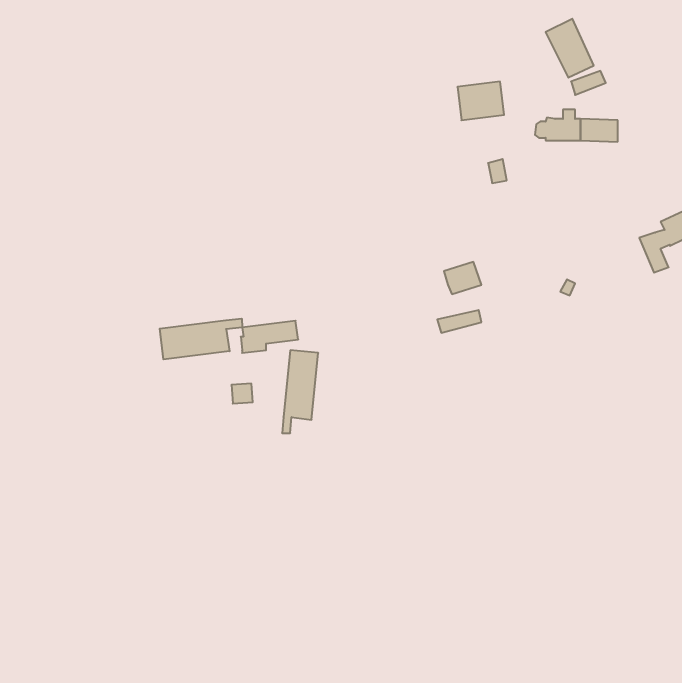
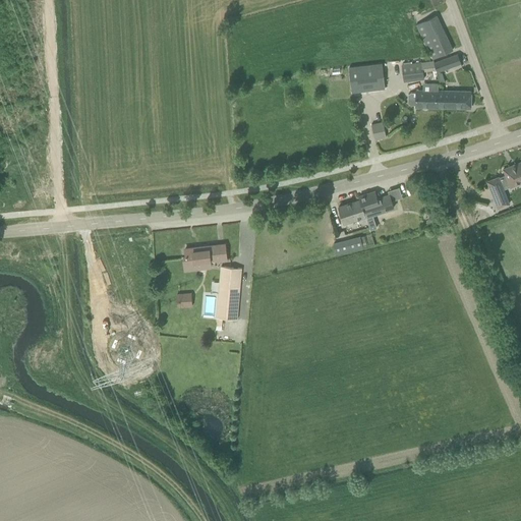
building: none -> [402,62,425,82]
building: none -> [360,191,395,230]
building: [160,319,242,359] -> none

